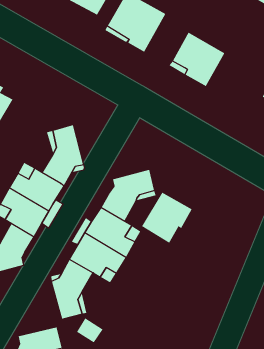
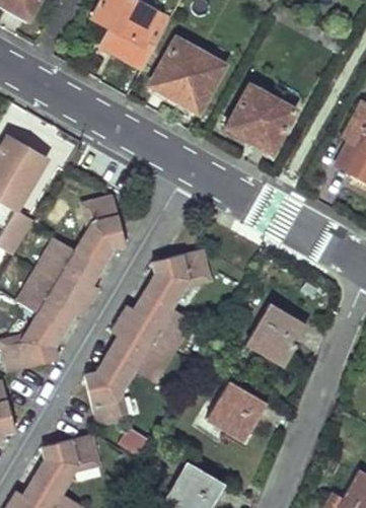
building: [141,192,193,243] -> [244,303,305,364]
building: none -> [206,381,265,439]

